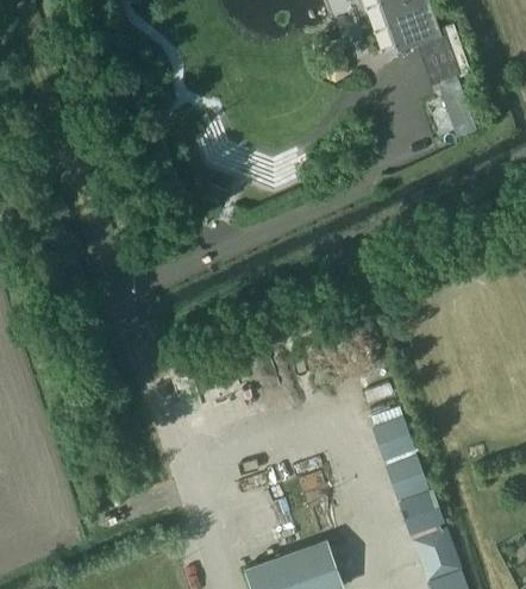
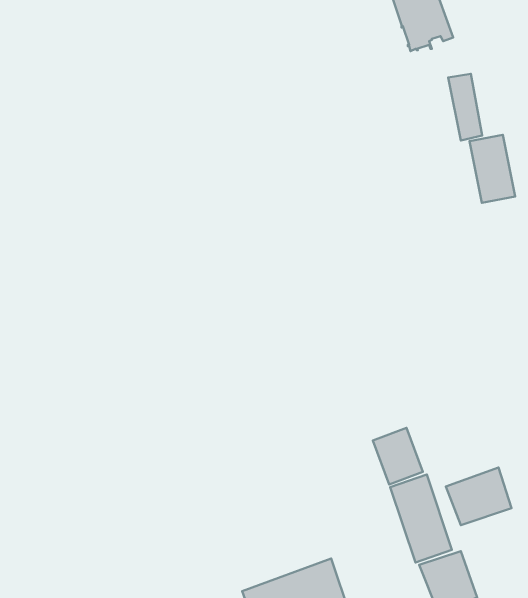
building: none -> [469,135,515,203]
building: none -> [446,467,512,525]

